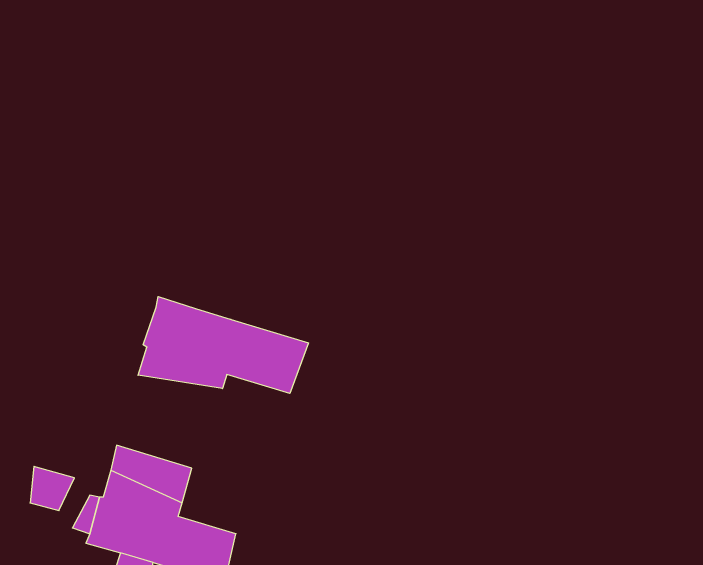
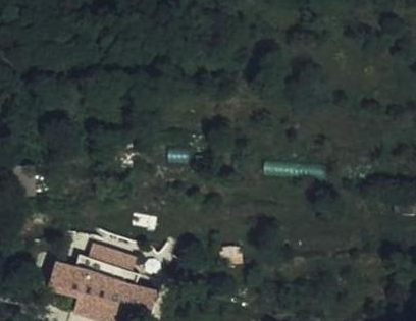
building: [138,297,309,393] -> none

